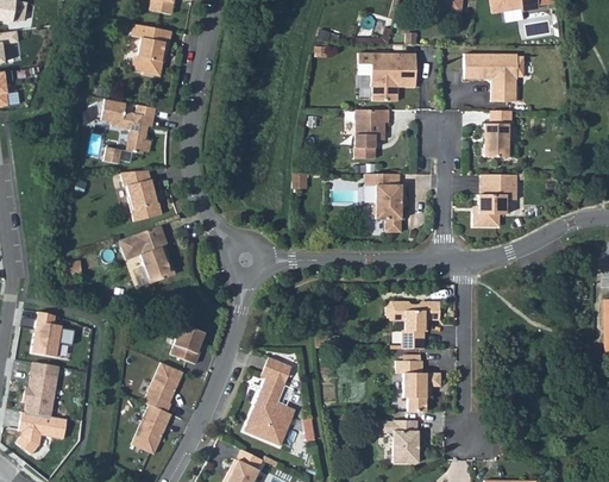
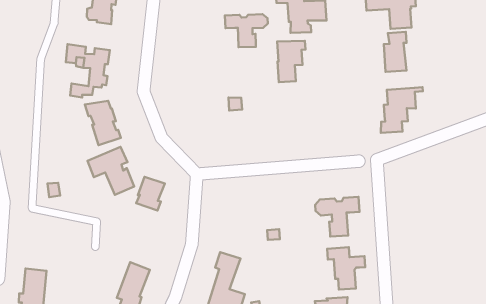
building: none -> [225,14,268,47]
building: [373,174,406,232] -> none
building: [31,312,74,357] -> none
building: [170,323,206,364] -> [136,177,165,211]

